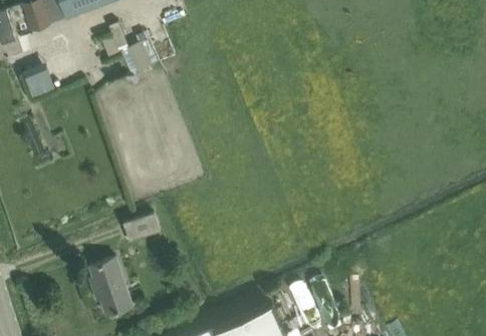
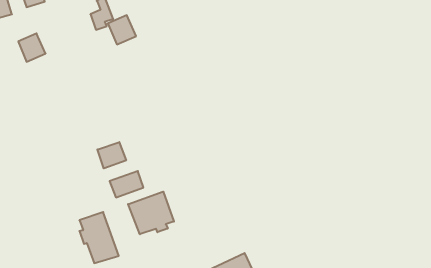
building: none -> [97,142,126,168]
building: none -> [128,192,174,234]

